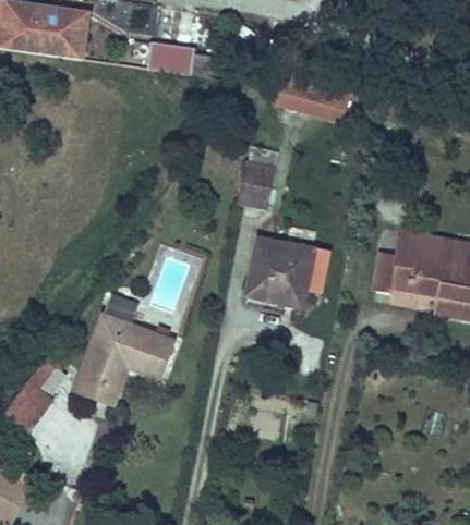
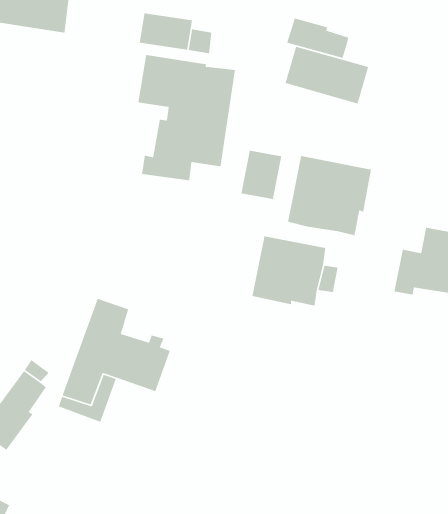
building: none -> [286,17,349,59]
building: none -> [138,54,236,181]
building: none -> [287,155,372,236]

